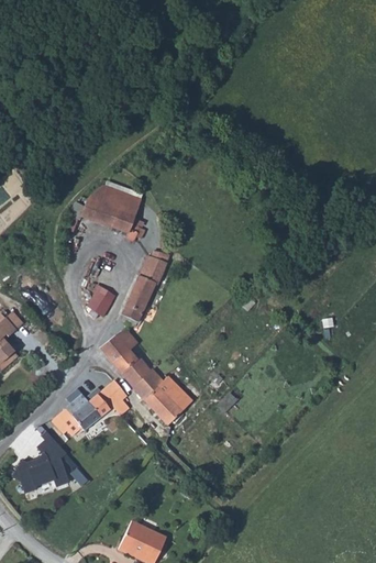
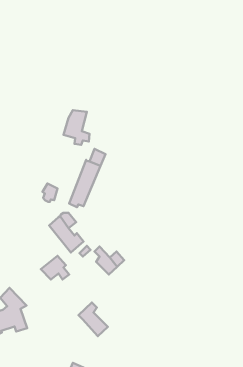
building: [75,189,130,227] -> none
building: [141,379,179,423] -> [78,302,108,336]
building: [51,395,101,435] -> none

